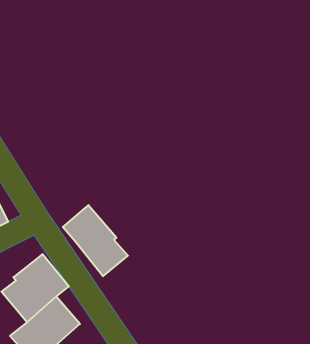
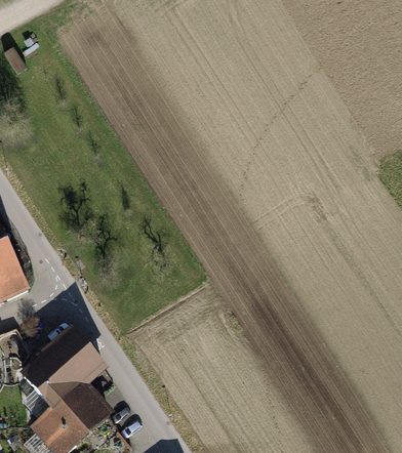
building: [63,205,128,276] -> none

